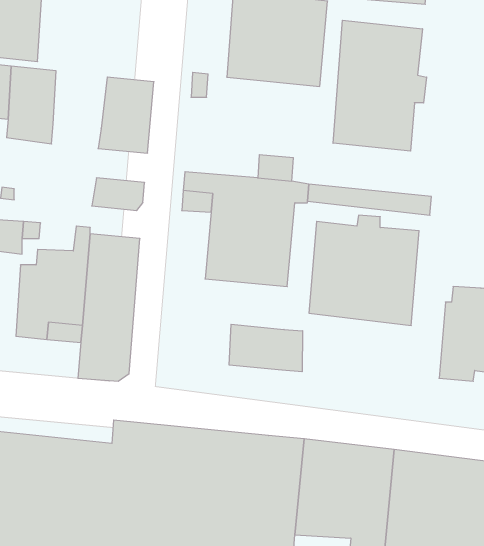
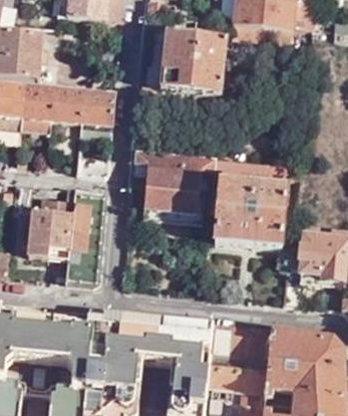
building: [333,20,427,151] -> none
building: none -> [50,84,85,122]
building: [229,324,303,372] -> none

